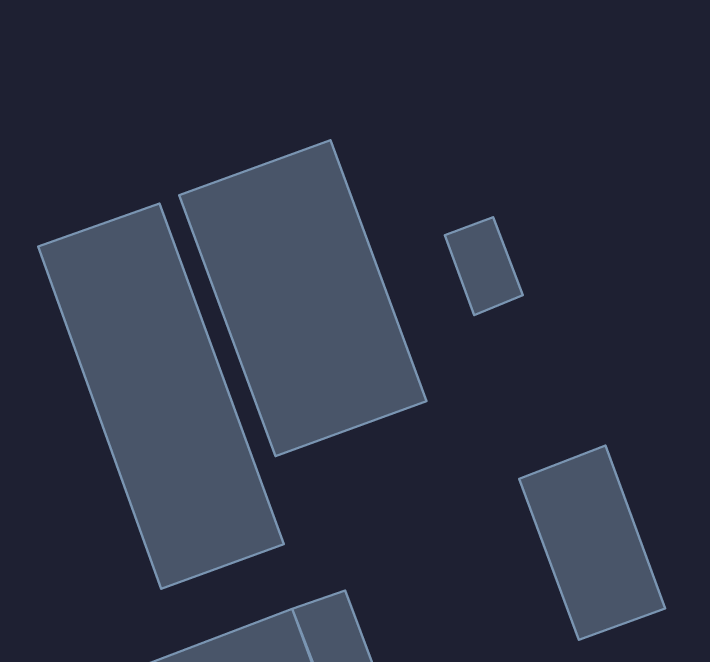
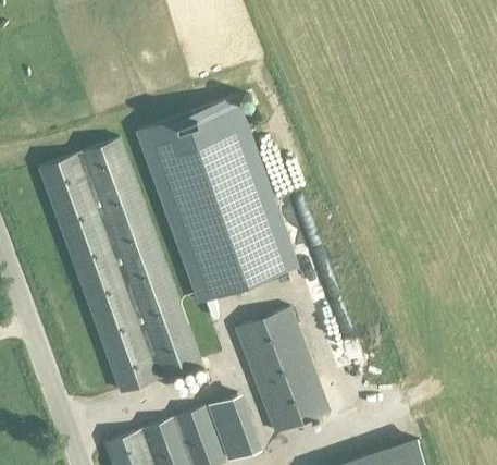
building: [445,217,523,315] -> none
building: [519,446,665,640] -> [236,306,332,433]

